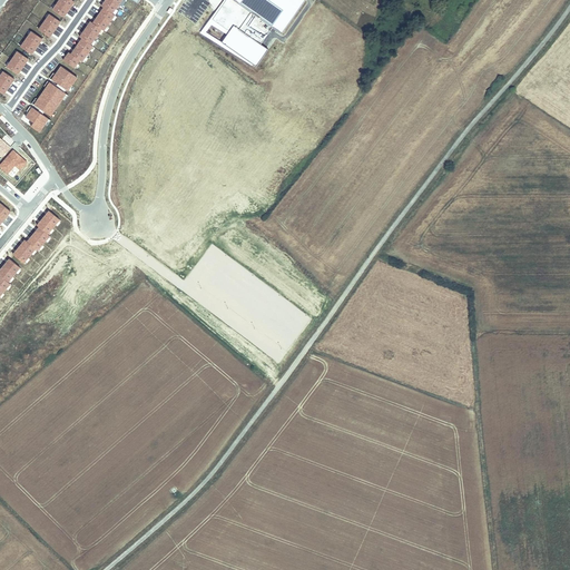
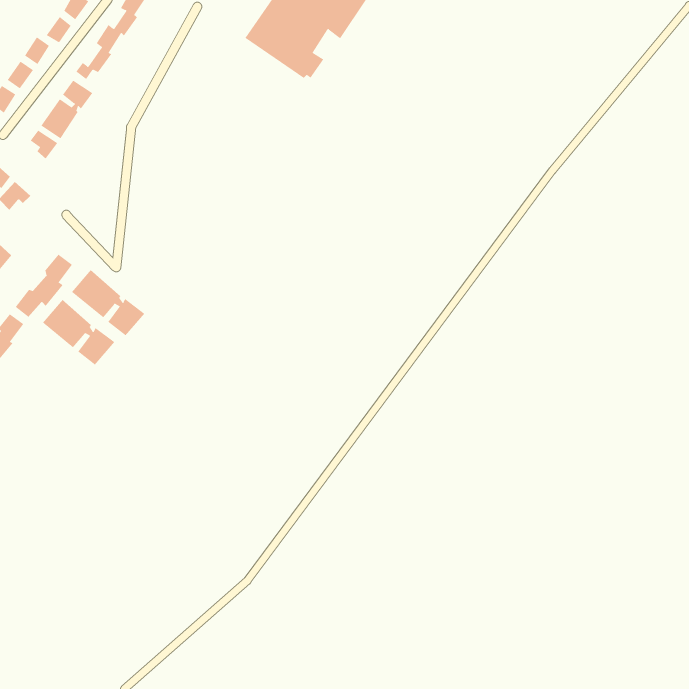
building: none -> [71,269,145,336]
building: none -> [42,299,115,366]

